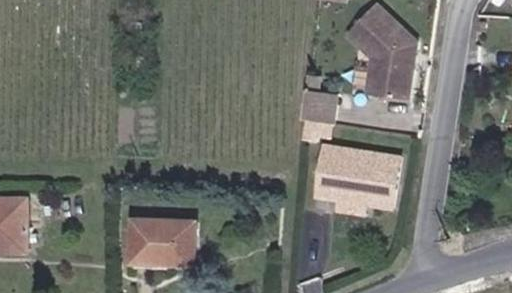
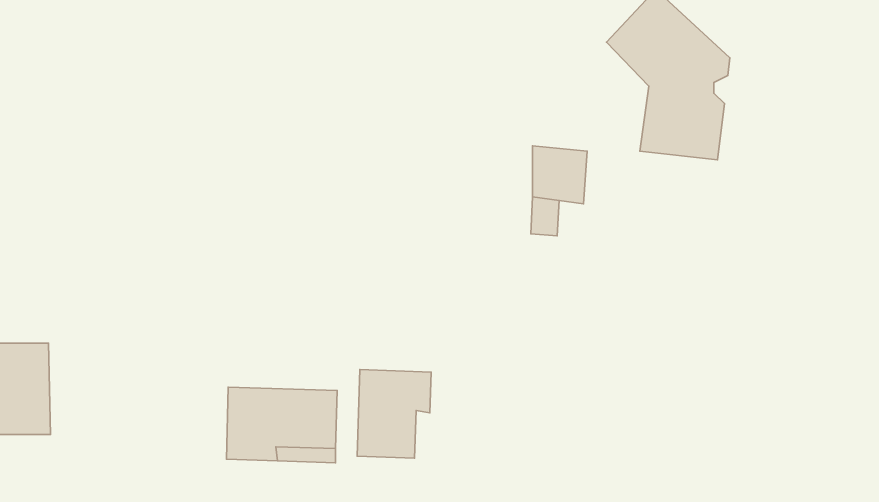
building: [320,146,401,203] -> none
building: none -> [357,369,431,458]

